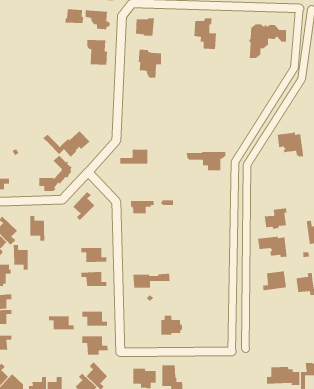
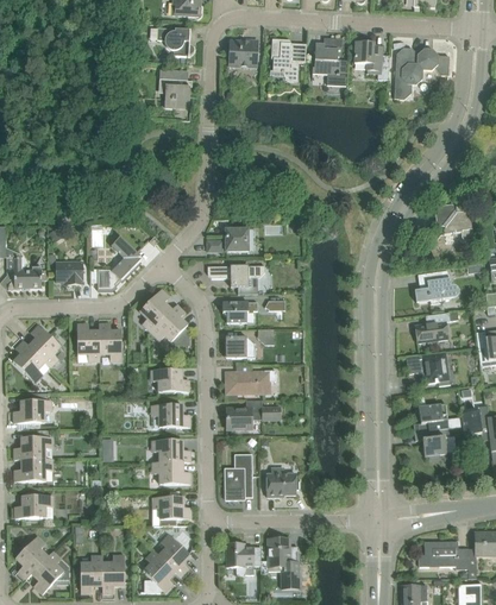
building: [65,9,84,24] -> none
building: none -> [354,42,389,80]
building: [138,49,162,79] -> [271,38,306,81]
building: [42,131,91,158] -> none
building: [186,151,226,171] -> [207,265,265,294]
building: none -> [56,261,83,284]
building: none -> [414,270,459,303]
building: none -> [150,304,189,346]
building: none -> [226,336,255,358]
building: [13,244,29,271] -> [99,323,121,361]
building: none -> [226,370,276,399]
building: none -> [414,428,450,460]
building: none -> [225,454,252,499]
building: [48,315,74,330] -> [152,440,190,461]

